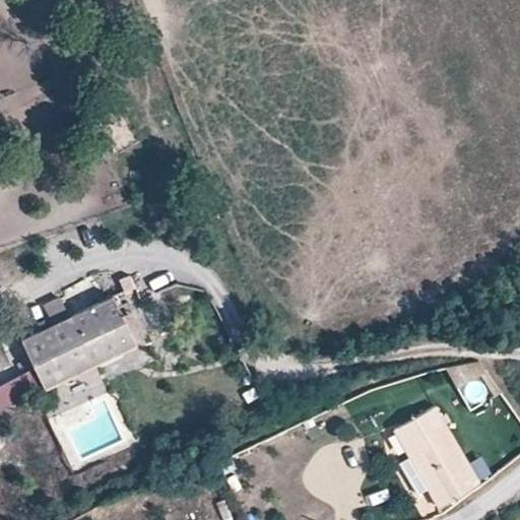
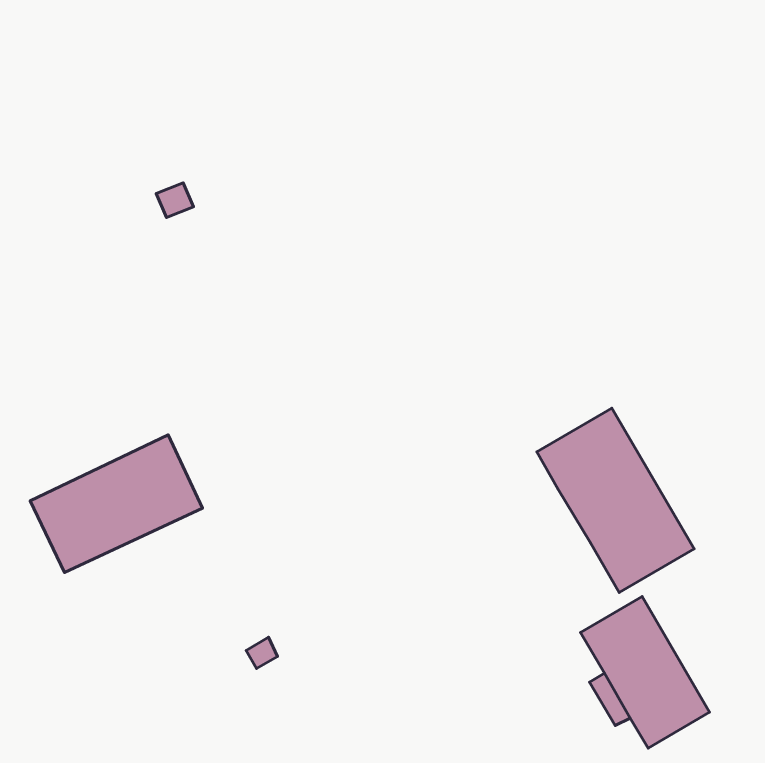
building: none -> [537,408,694,593]

